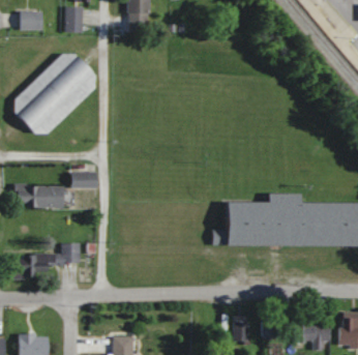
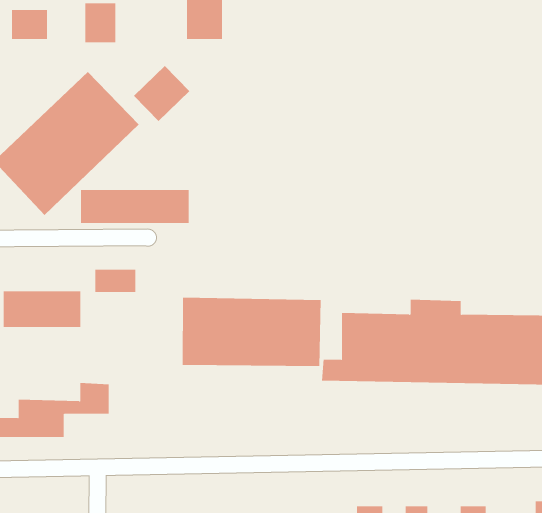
building: none -> [133,65,190,122]
building: none -> [81,189,189,224]
building: none -> [182,297,321,367]

